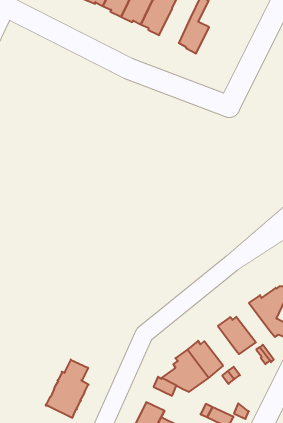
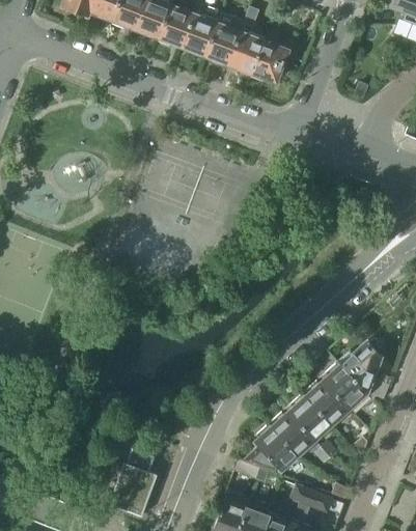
building: none -> [204,24,240,63]
building: none -> [250,41,287,81]
building: none -> [325,362,366,408]
building: none -> [289,392,332,439]

